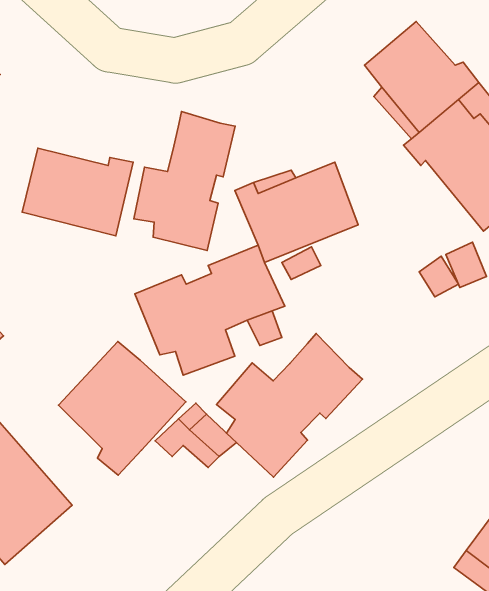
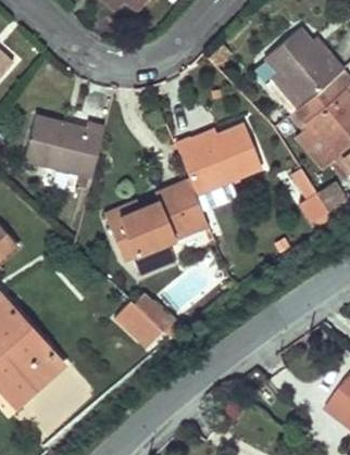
building: [134,112,235,250] -> none
building: [216,334,363,477] -> none
building: [59,341,186,475] -> none

